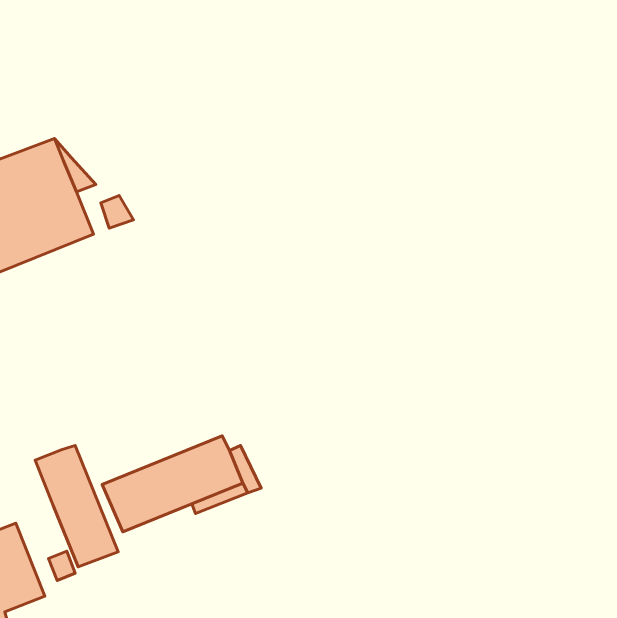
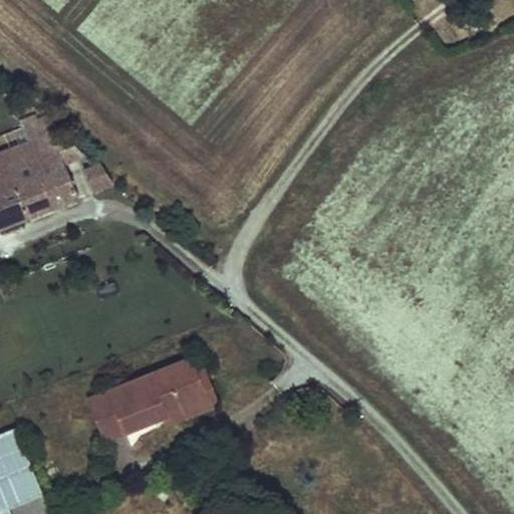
building: [35,445,118,567] -> none

